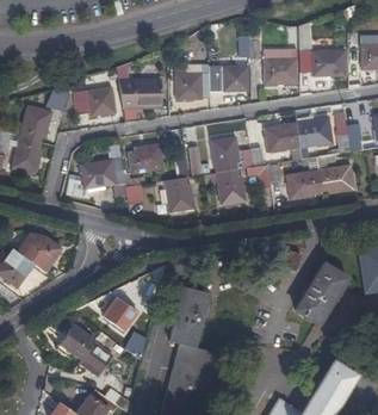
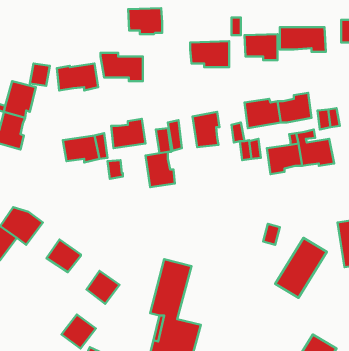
building: [175,73,210,99] -> [128,8,162,34]
building: [204,169,246,204] -> none
building: [60,324,94,358] -> [46,239,81,272]

